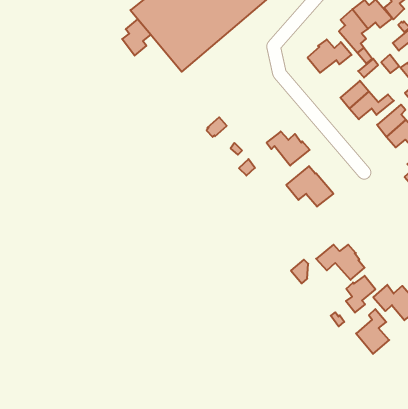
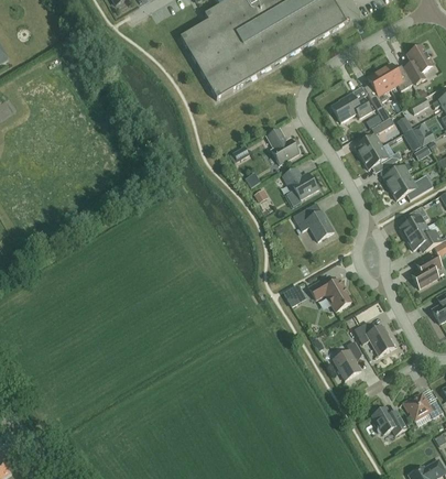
building: [122,19,151,56] -> none
building: none -> [266,129,298,164]
building: [346,276,375,313] -> none

